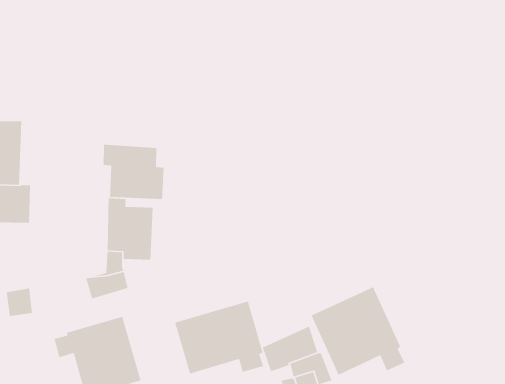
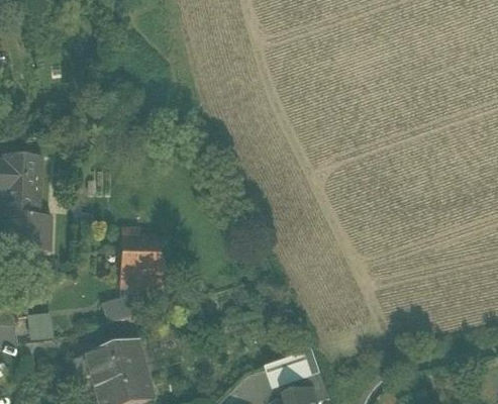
building: [103,144,164,200] -> none
building: [310,286,405,376] -> none
building: [174,300,264,374] -> none

